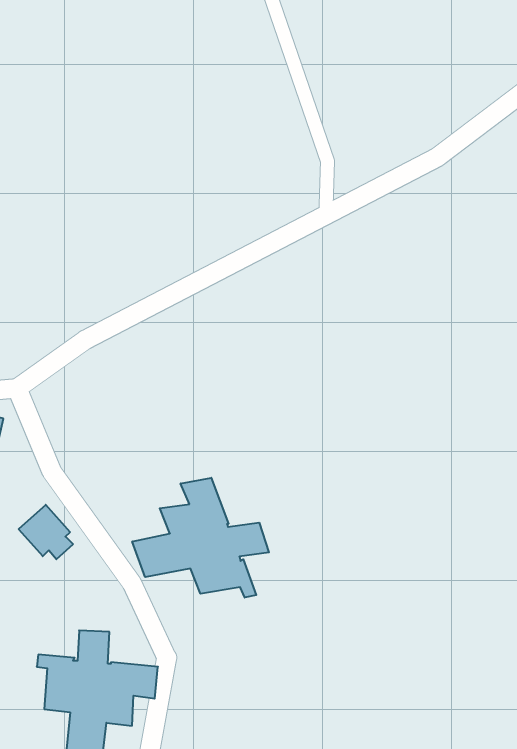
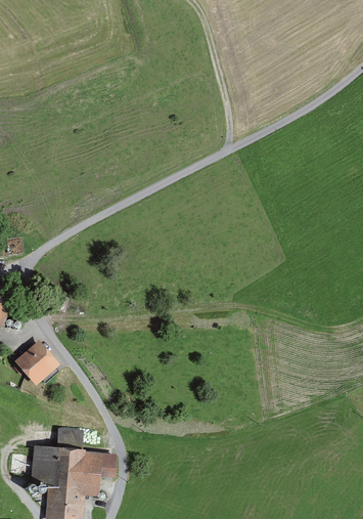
building: [132,478,269,598] -> none

